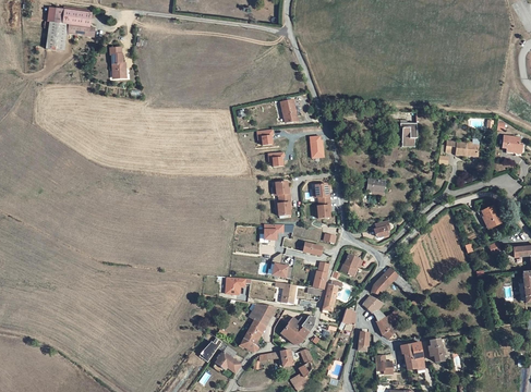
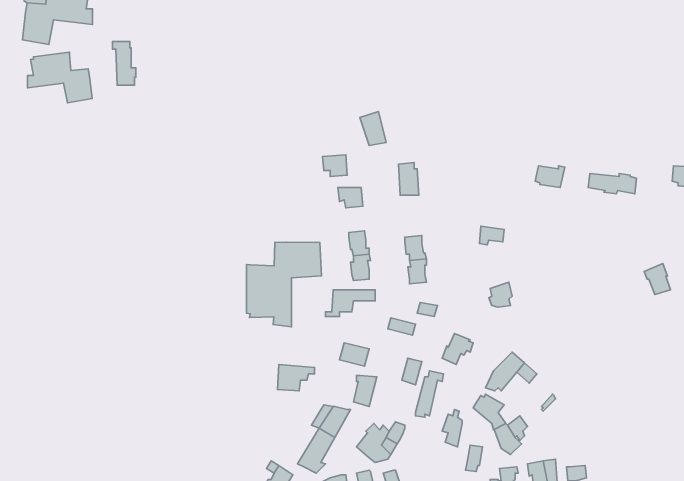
building: none -> [28,52,92,103]
building: none -> [246,242,321,327]

